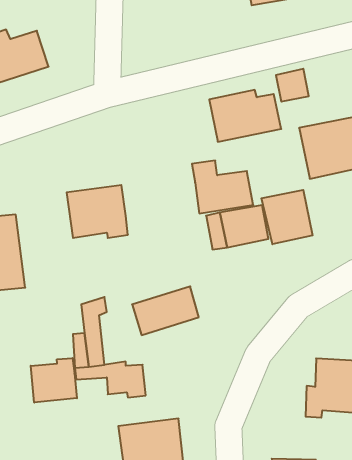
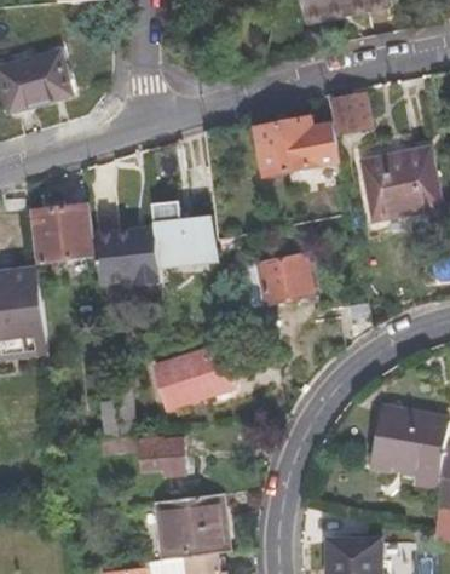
building: [192,161,253,213] -> [152,202,223,263]
building: none -> [34,202,88,246]
building: [261,190,313,244] -> none
building: [31,358,77,403] -> none

